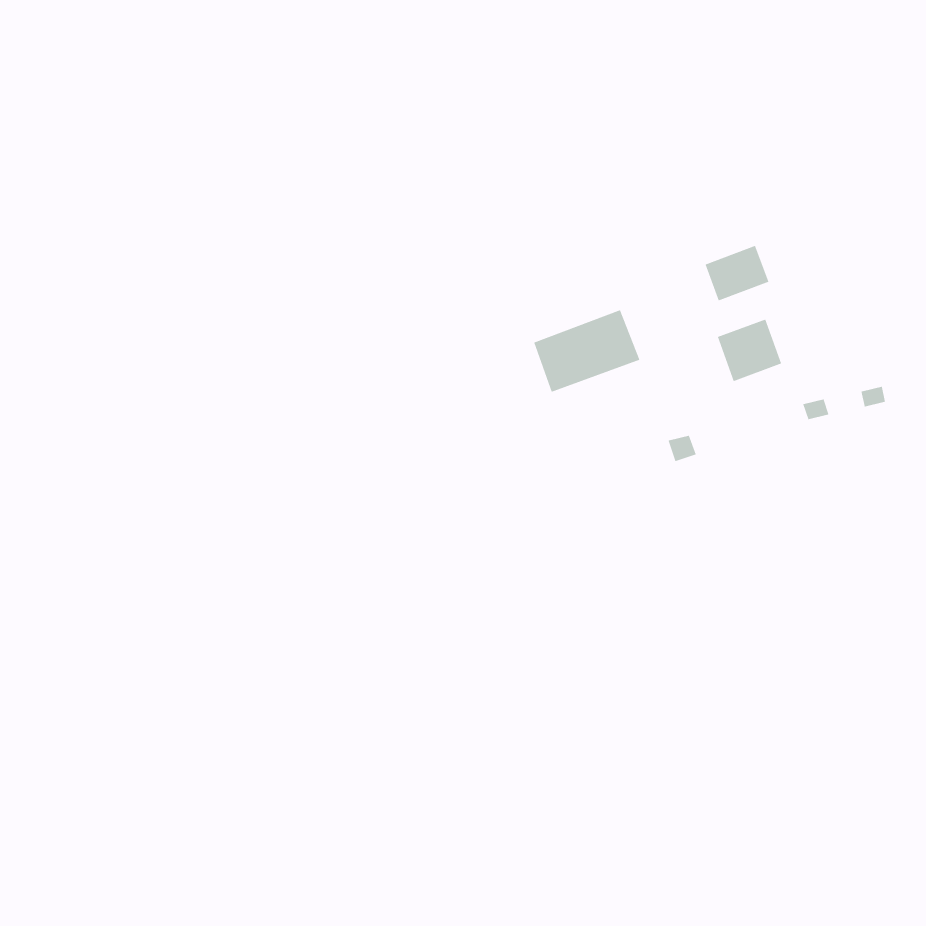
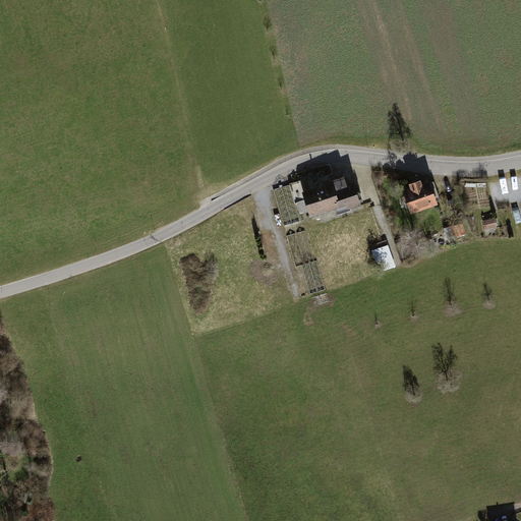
building: [704,245,769,301] -> none

